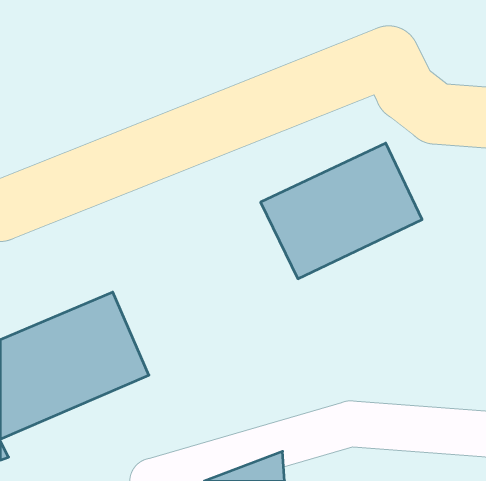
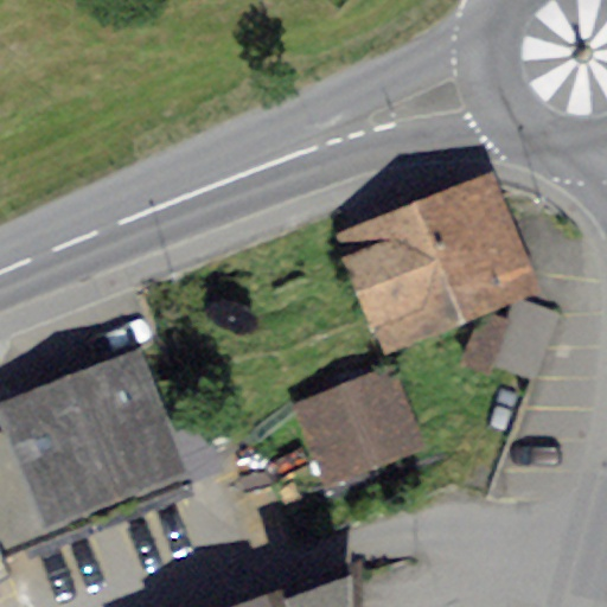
building: none -> [477,294,556,364]
building: none -> [304,371,424,488]

